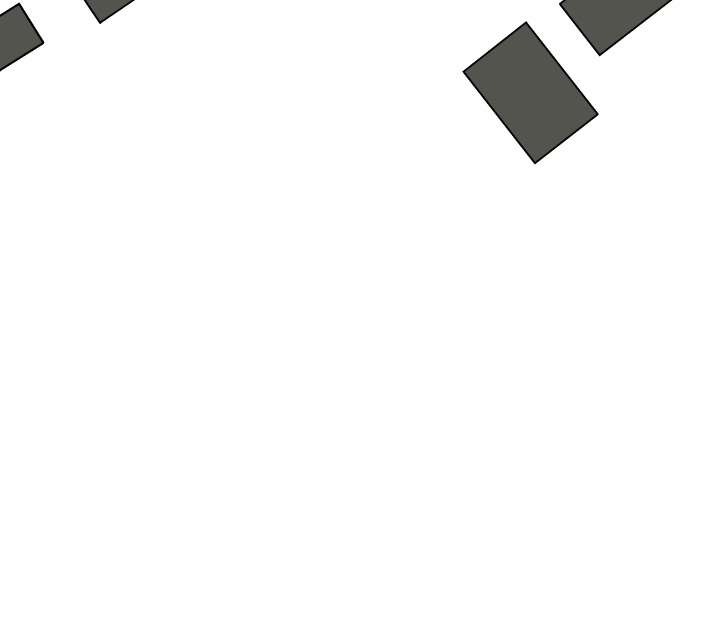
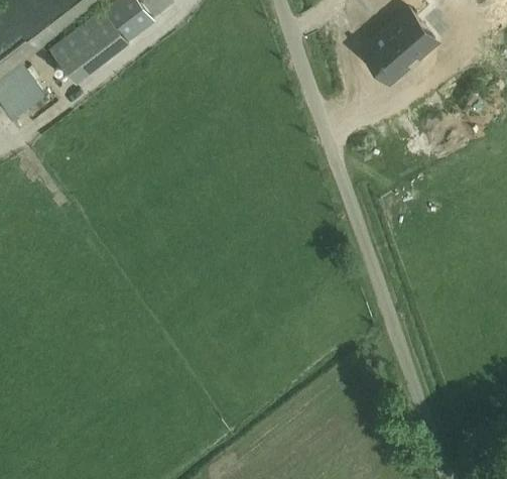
building: [463,22,598,163] -> none

